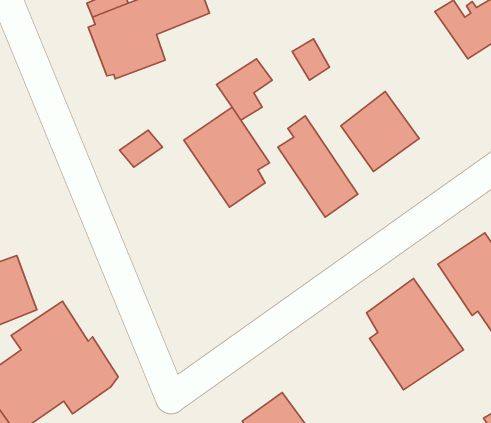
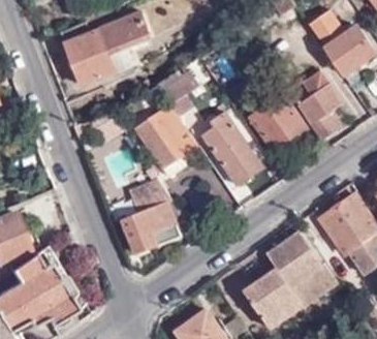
building: none -> [296,71,342,138]
building: none -> [122,181,185,255]
building: none -> [243,273,293,329]

